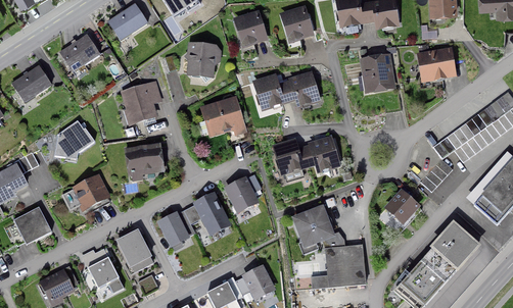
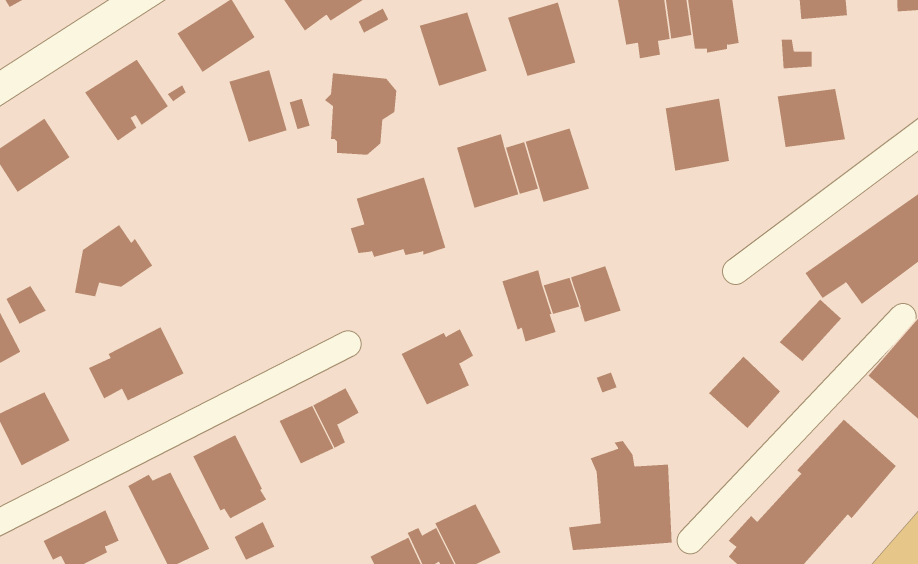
building: [124,86,154,123] -> [228,70,287,142]
building: [128,146,161,174] -> none
building: [195,196,227,233] -> none
building: [292,205,336,249] -> none

